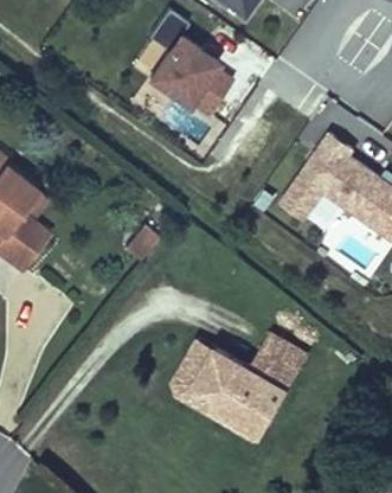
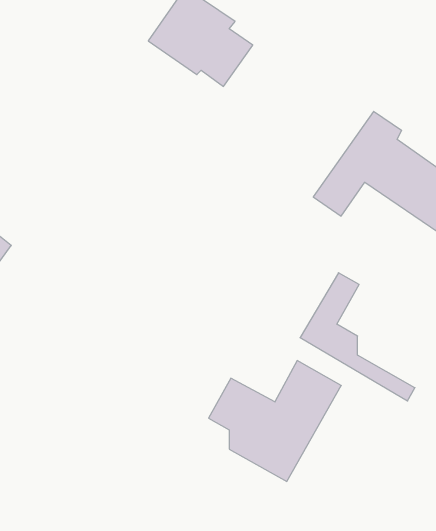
building: [168,339,261,442] -> [300,273,415,401]

